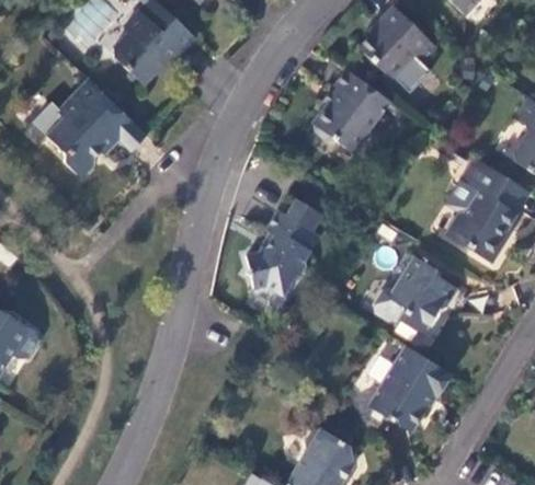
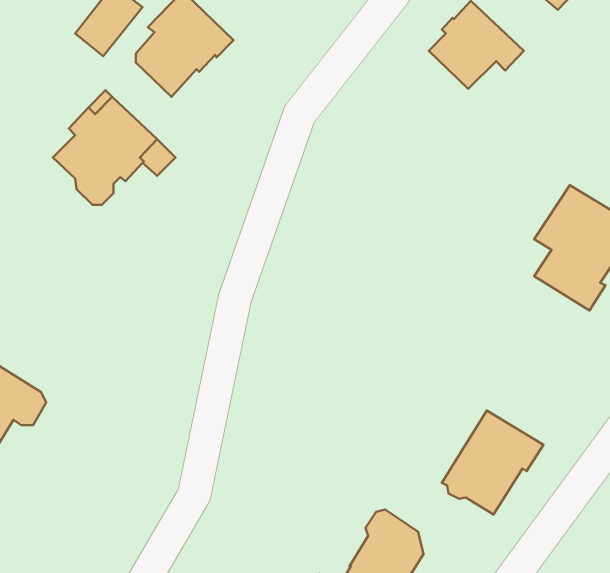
building: [311,68,390,153] -> none
building: [247,209,320,295] -> none
building: [391,255,458,331] -> none

